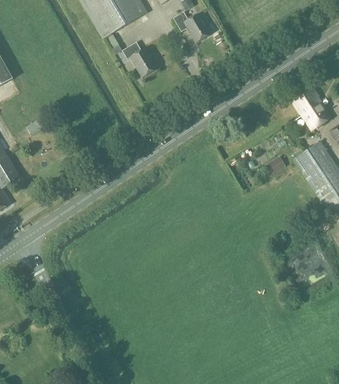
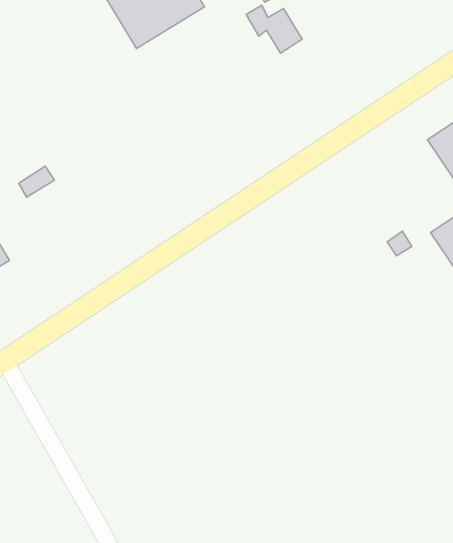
building: [123,40,157,76] -> none

